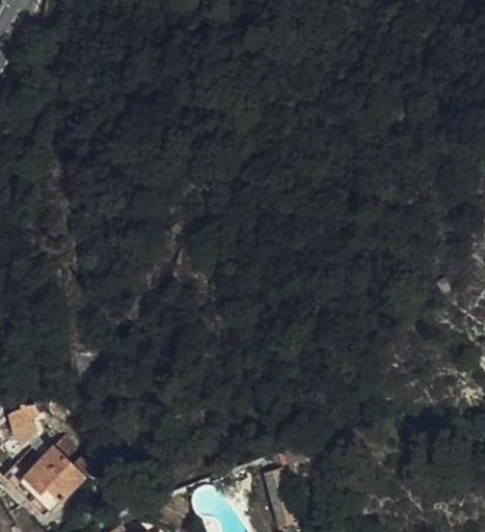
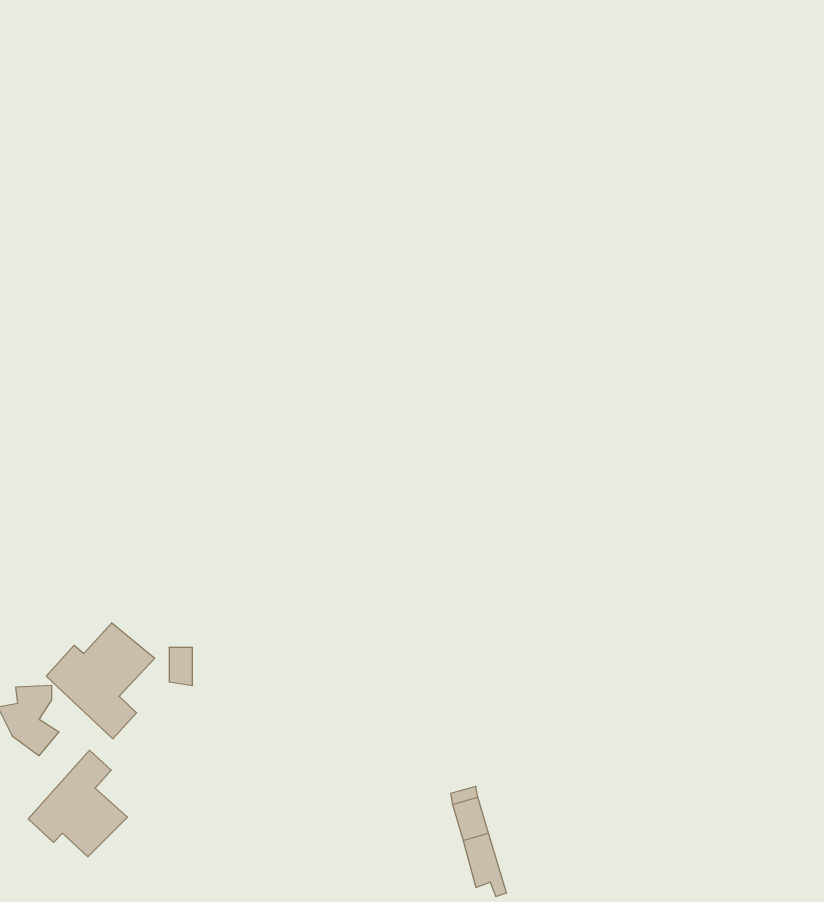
building: none -> [46,623,155,739]

